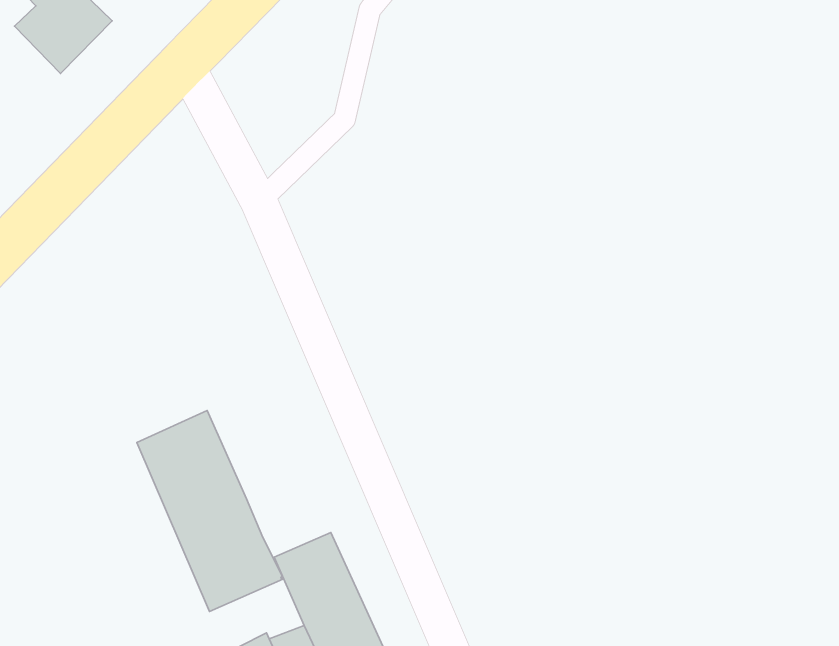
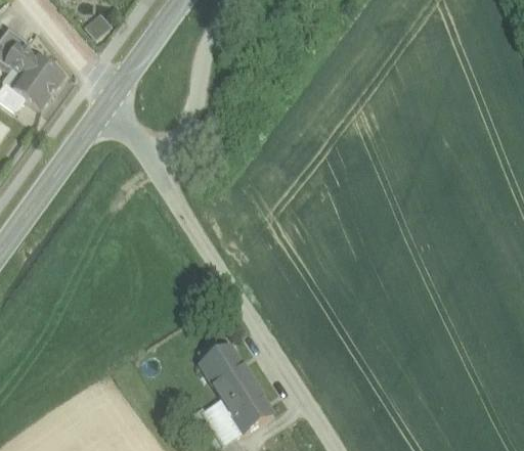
building: [137,411,283,612] -> none

